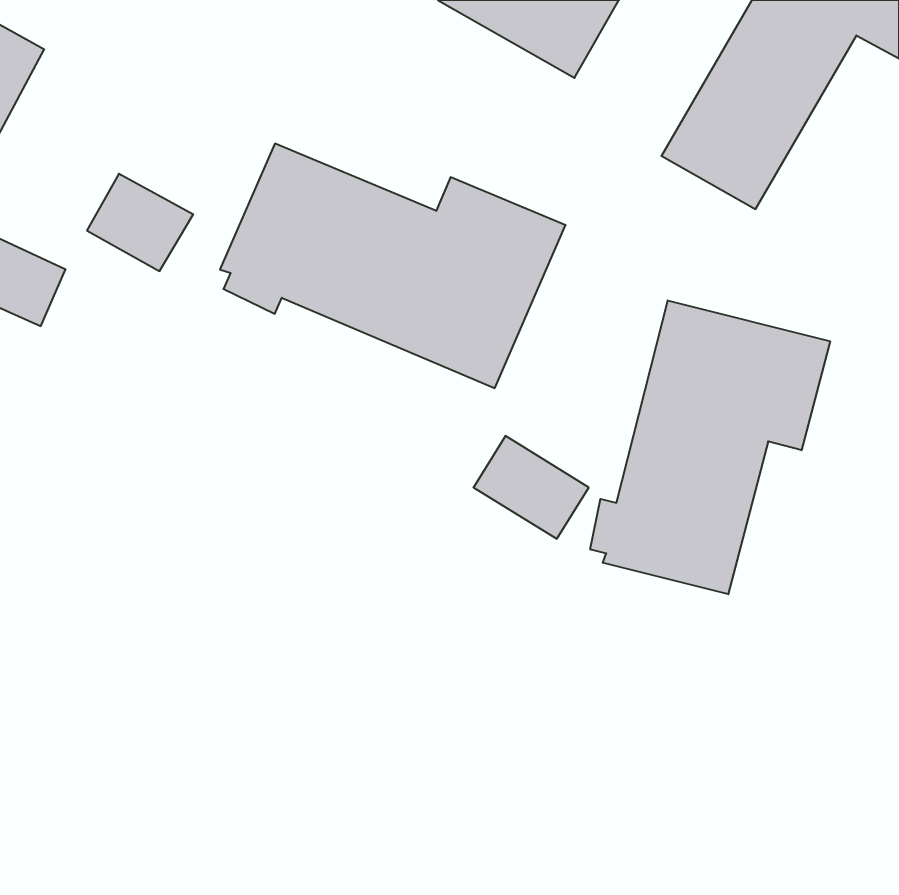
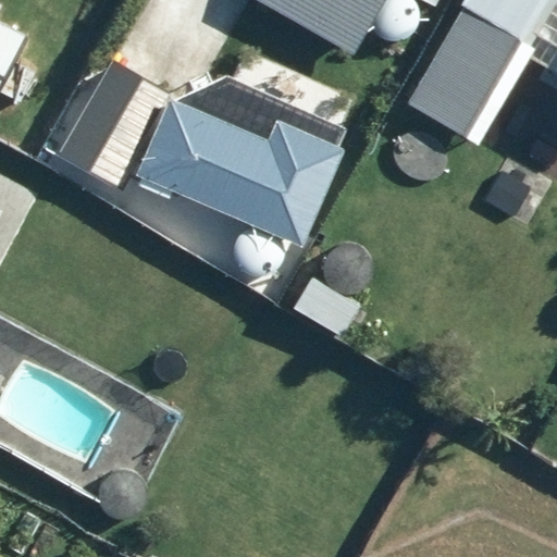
building: [590,300,830,594] -> none

